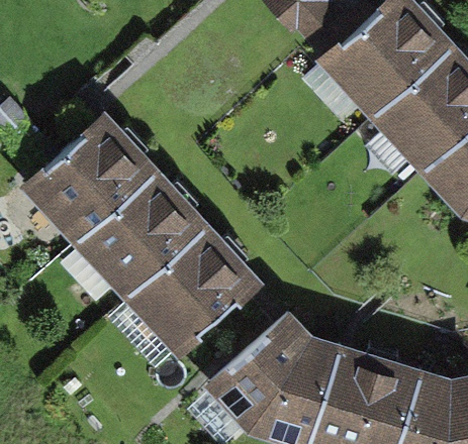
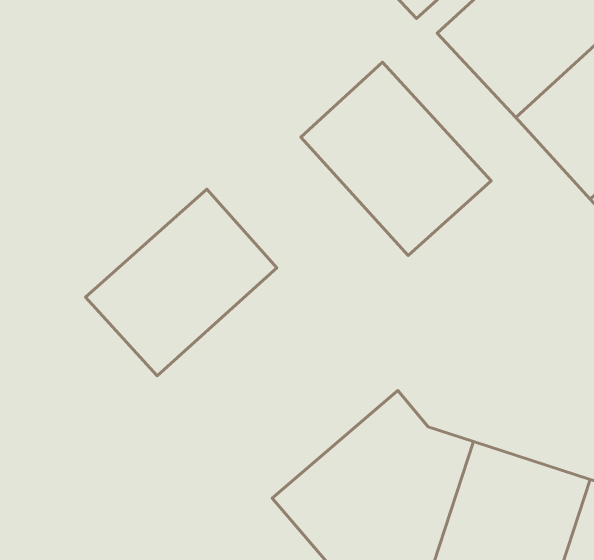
building: none -> [301,62,491,256]
building: [22,113,159,246] -> none
building: [124,226,262,360] -> none

